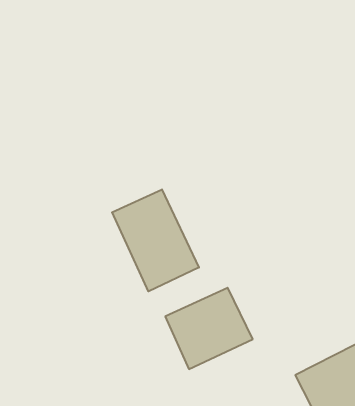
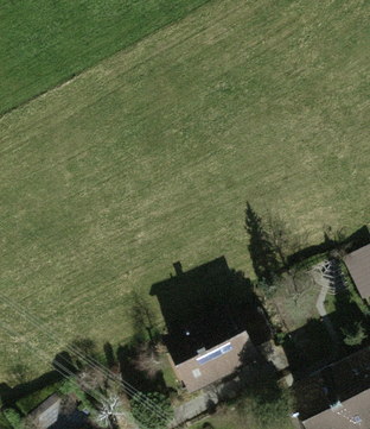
building: [112,189,199,291] -> none

